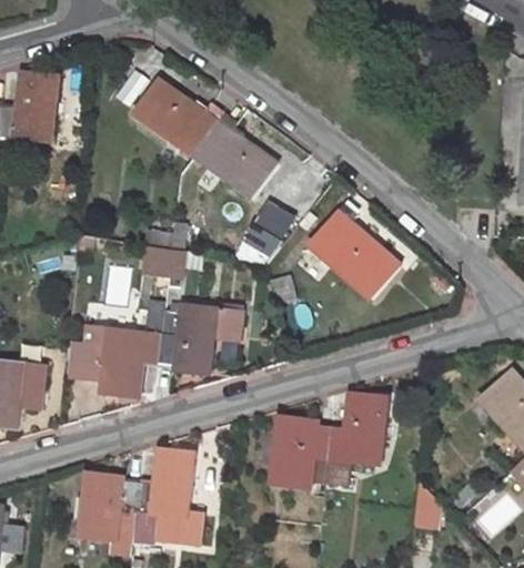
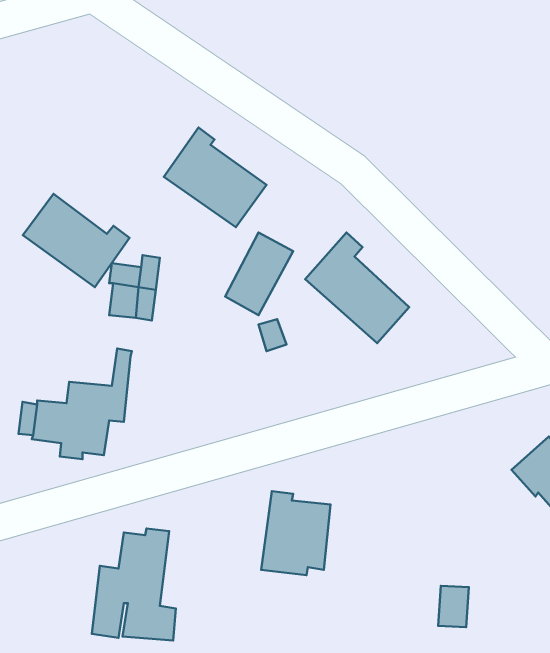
building: [130,78,219,155] -> [23,194,130,287]
building: [157,301,239,371] -> none
building: [323,396,384,485] -> none
building: [80,469,137,541] -> none

